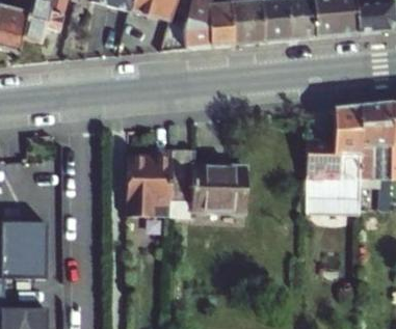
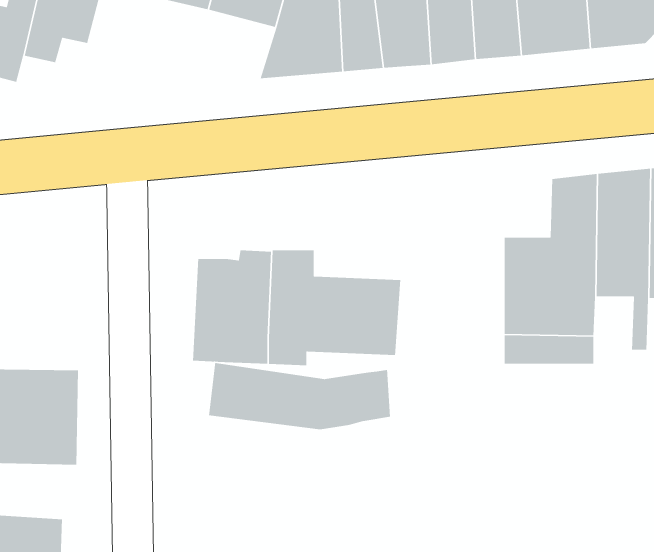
building: none -> [208,362,391,430]

